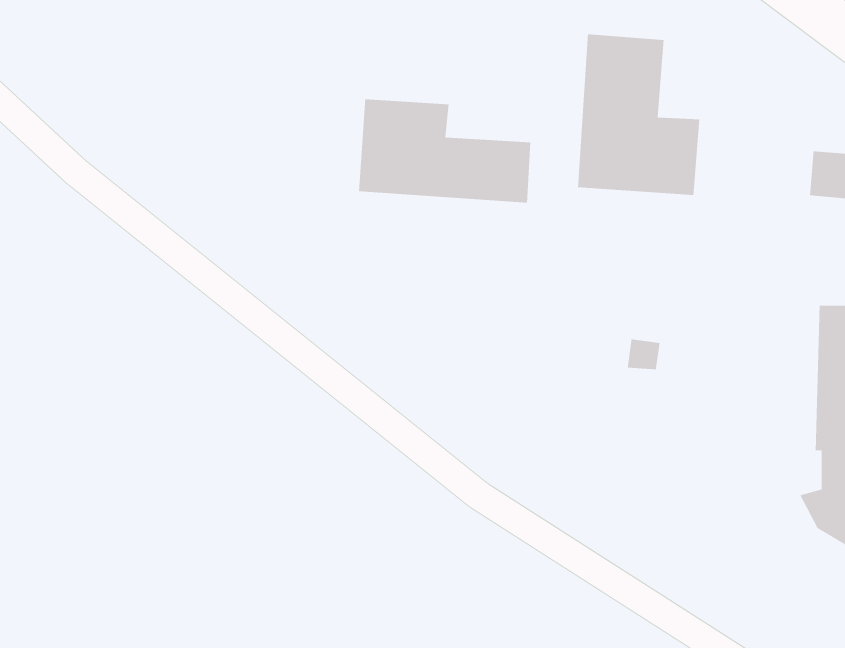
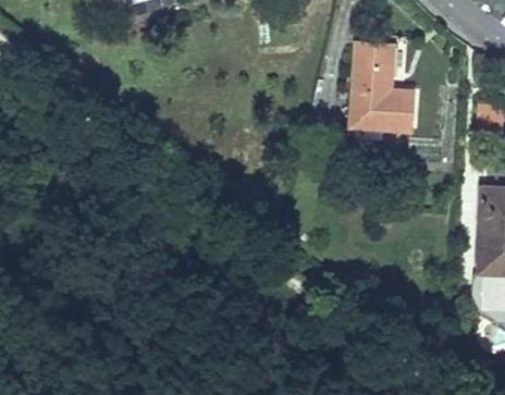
building: [358,99,531,204] -> none

